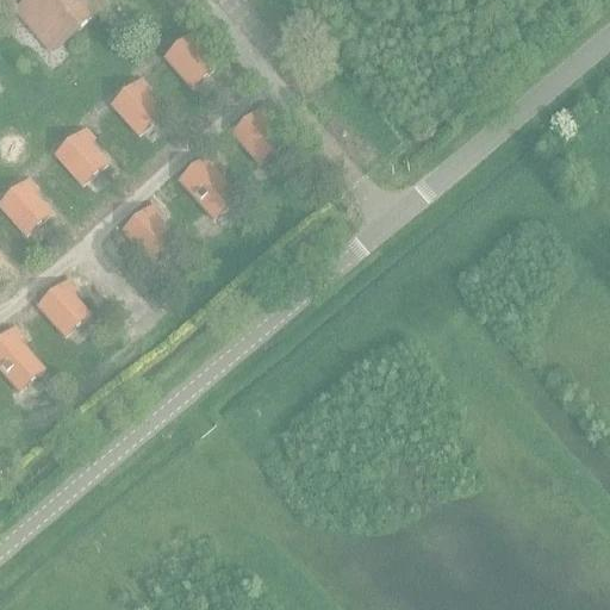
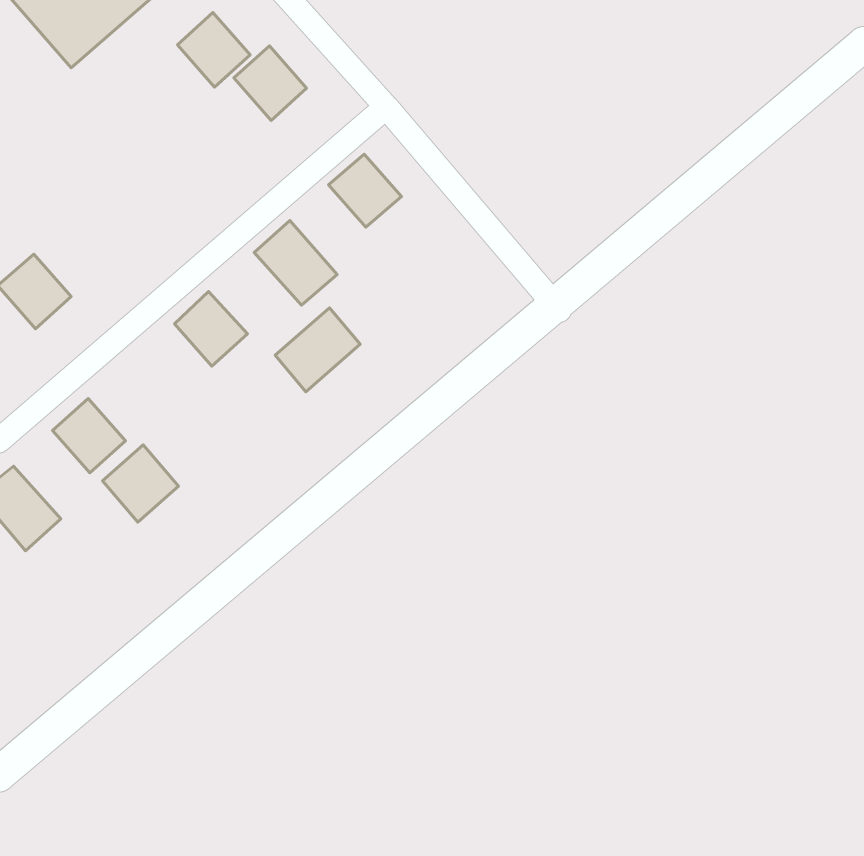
building: [111,79,162,131] -> [177,12,250,87]
building: [55,129,106,181] -> none
building: none -> [275,308,360,392]
building: none -> [102,445,179,522]

